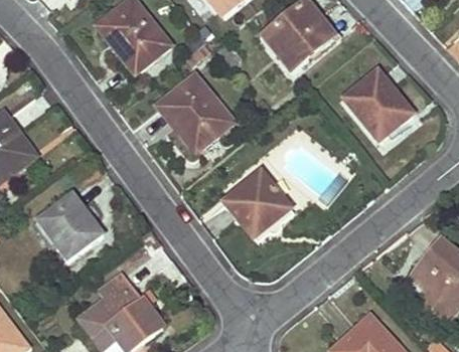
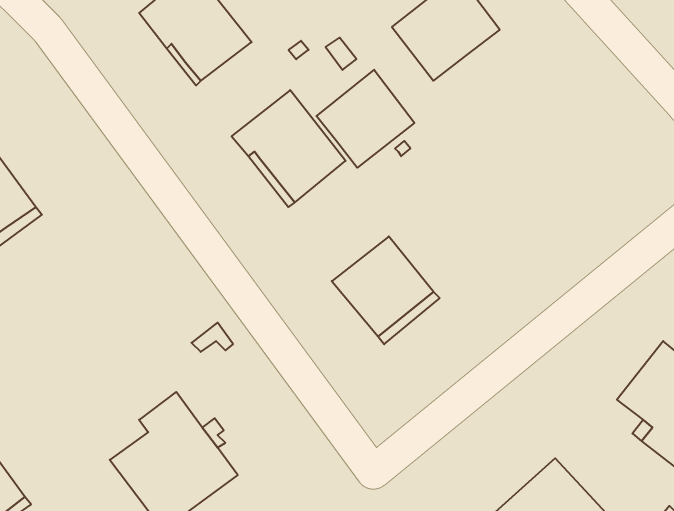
building: none -> [316,70,414,168]
building: [344,68,412,139] -> none
building: [36,192,101,258] -> none

